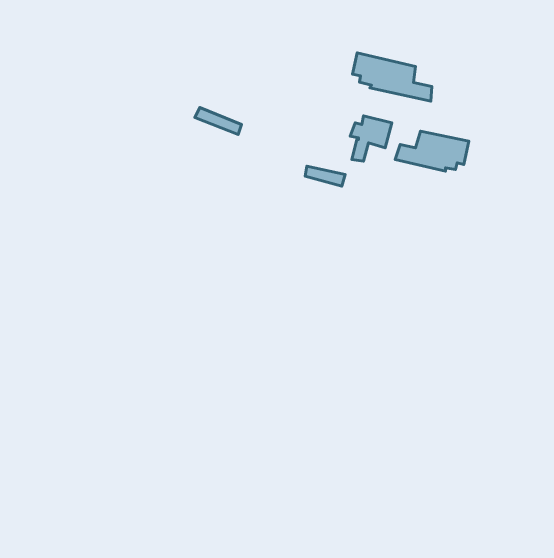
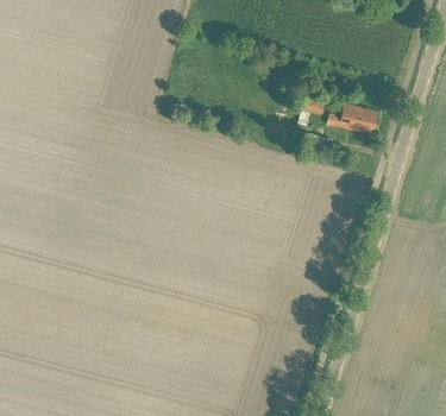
building: [352,53,432,101] -> none

